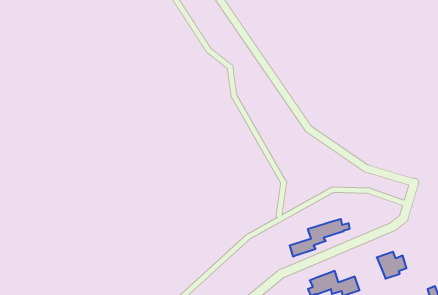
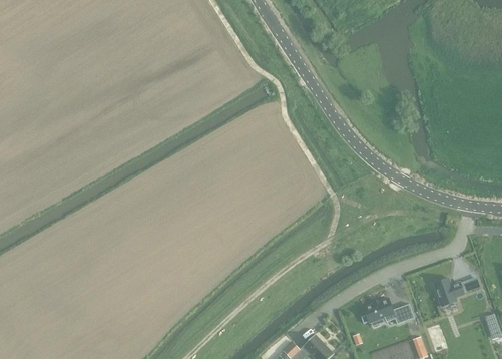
building: [290,219,350,257] -> none

